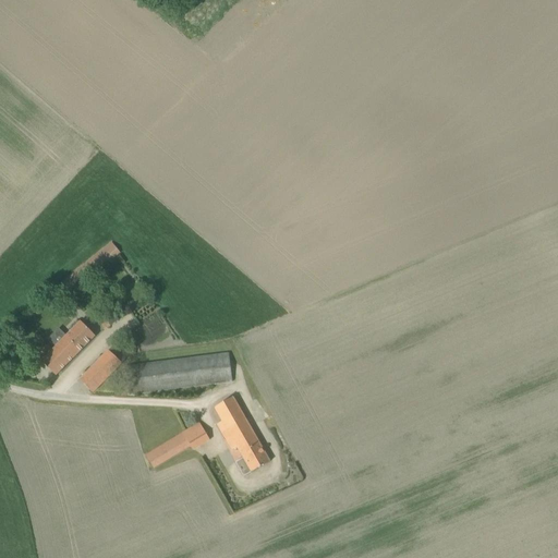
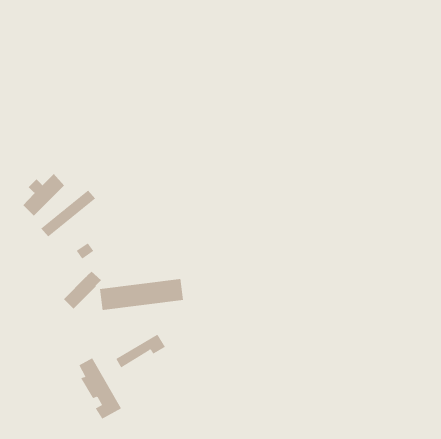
building: [41,319,95,374] -> [23,173,65,216]
building: [215,396,269,474] -> [79,358,122,420]

